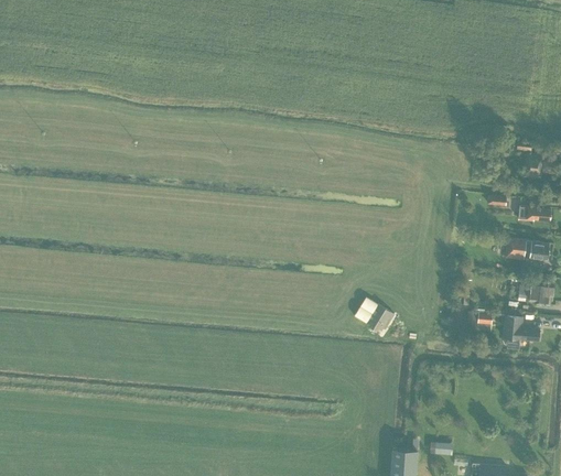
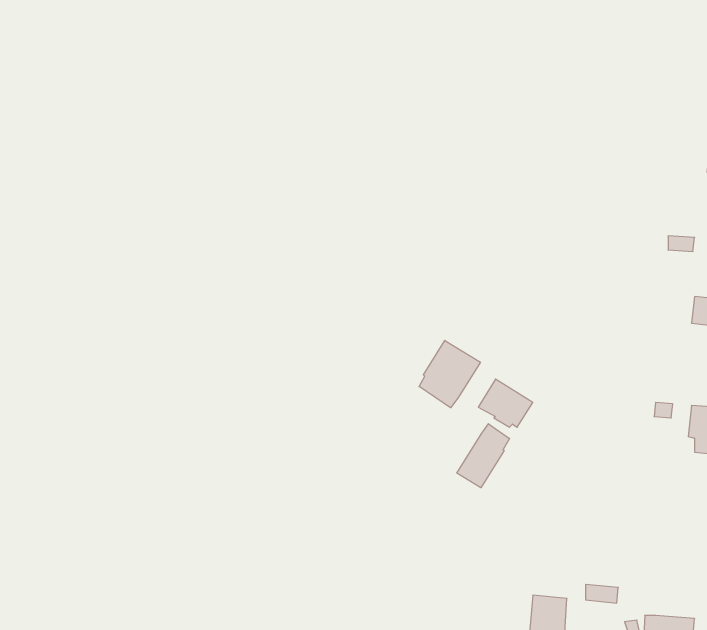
building: none -> [419,340,480,408]
building: none -> [457,424,510,488]

